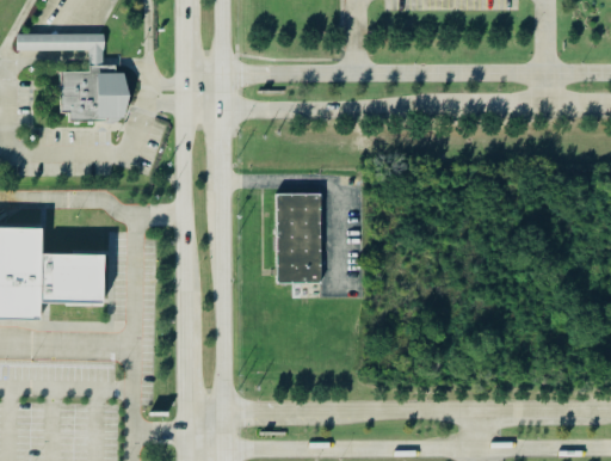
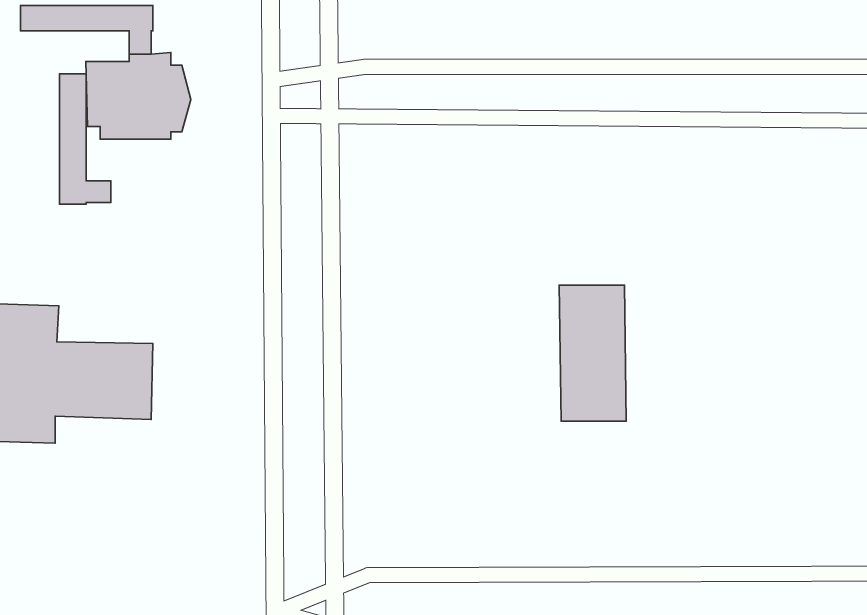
building: none -> [59,74,111,204]
building: [276,192,320,282] -> [559,285,626,421]

